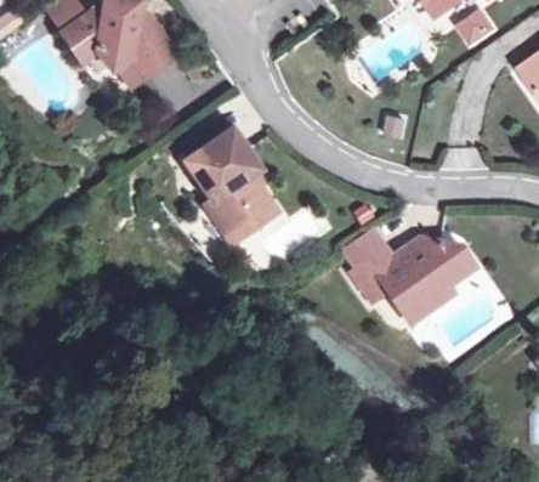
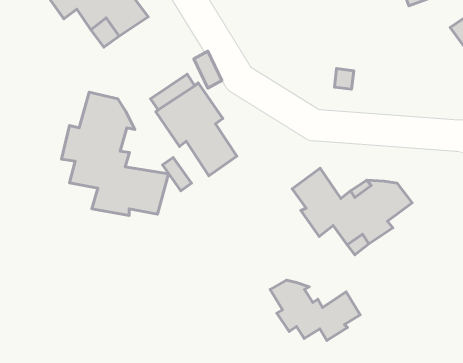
building: none -> [61,92,169,216]
building: none -> [270,280,360,341]

